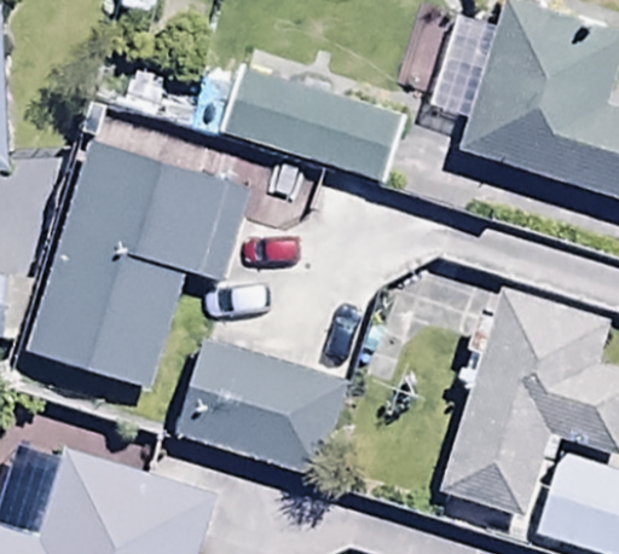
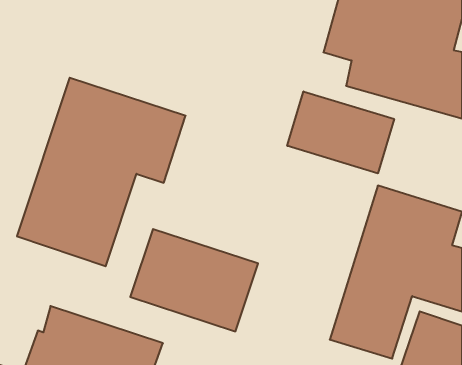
building: [226,67,401,183] -> none
building: none -> [287,91,394,173]

